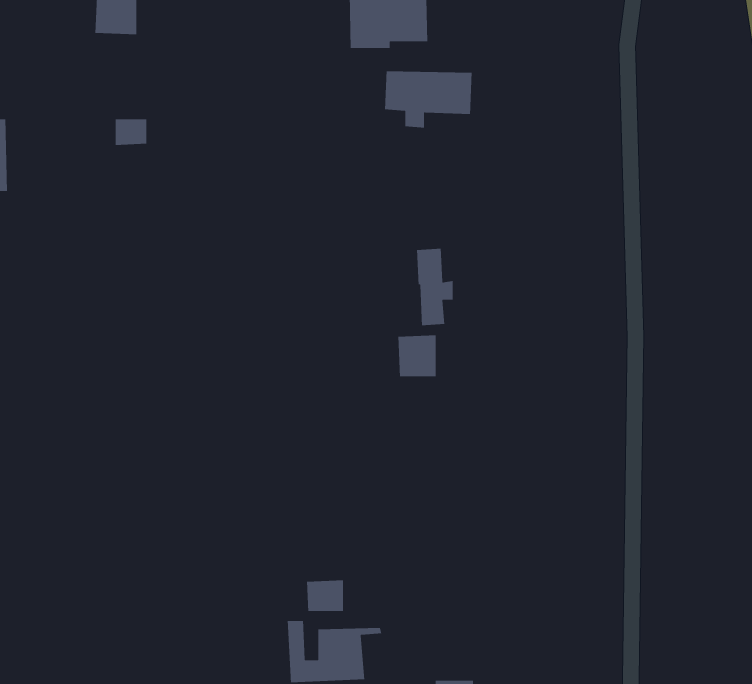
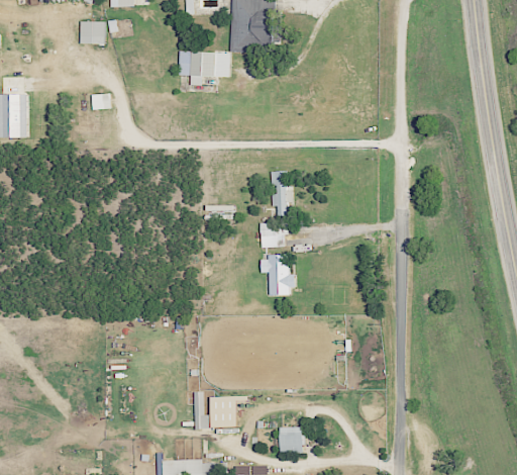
building: [384,71,473,128] -> [178,51,230,85]
building: none -> [261,253,296,295]
building: [306,579,344,612] -> none

